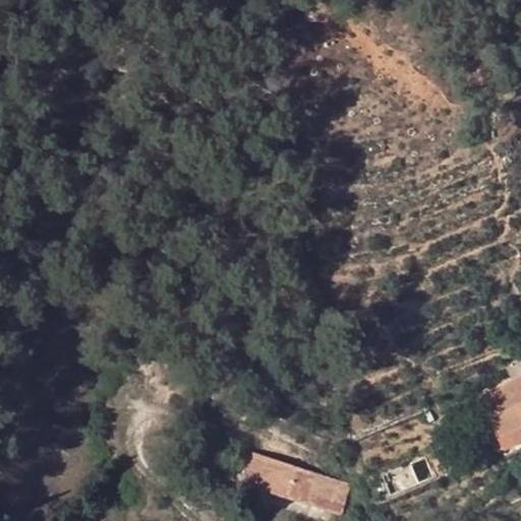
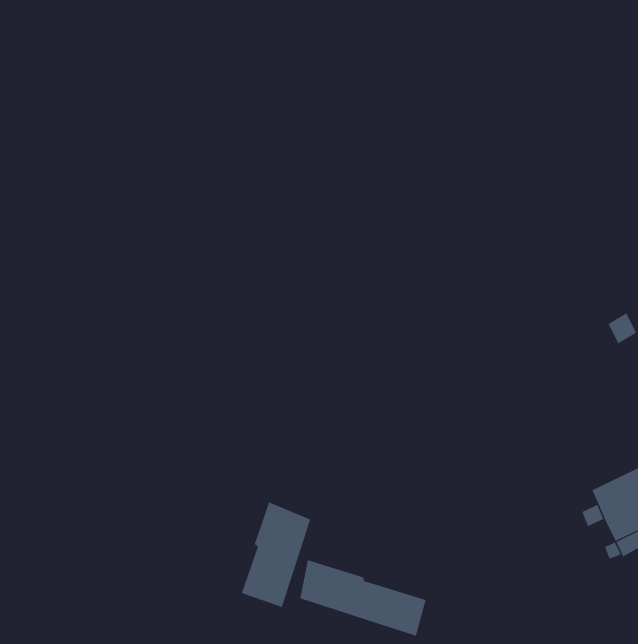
building: none -> [241,502,311,608]

